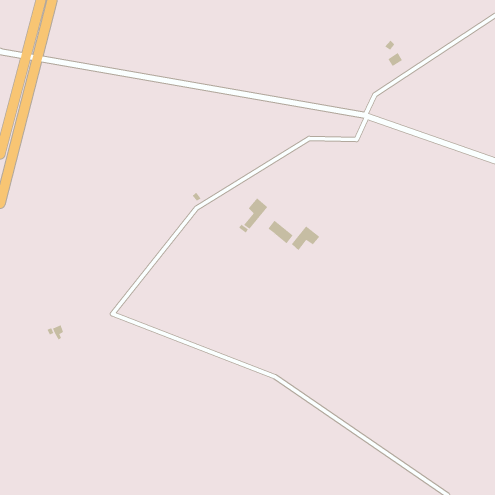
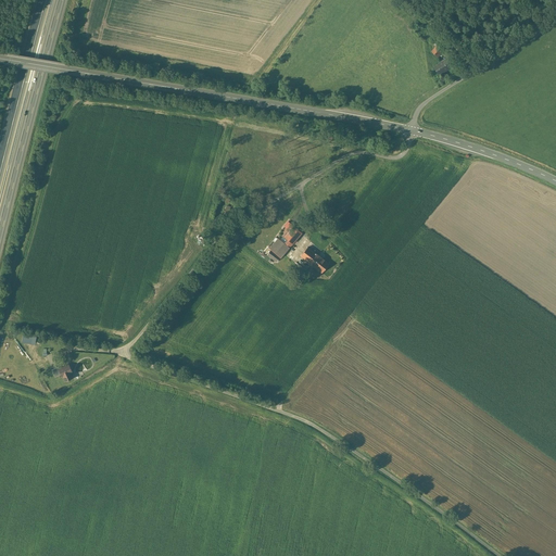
building: [291,225,320,251] -> none

